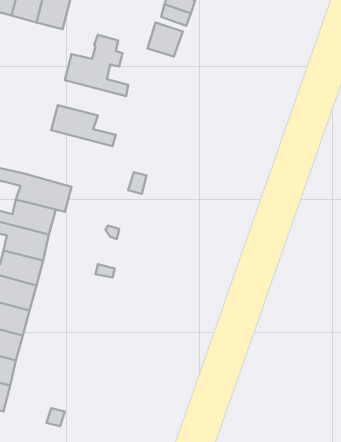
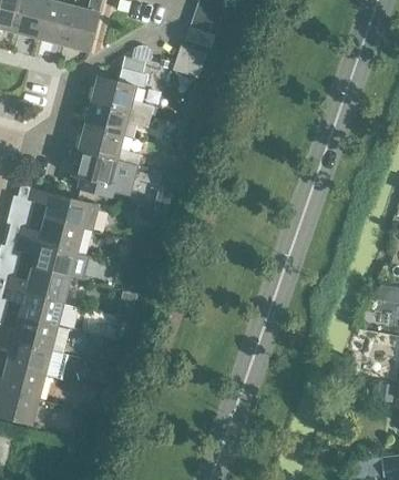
building: none -> [84,101,151,135]
building: none -> [71,150,137,185]

